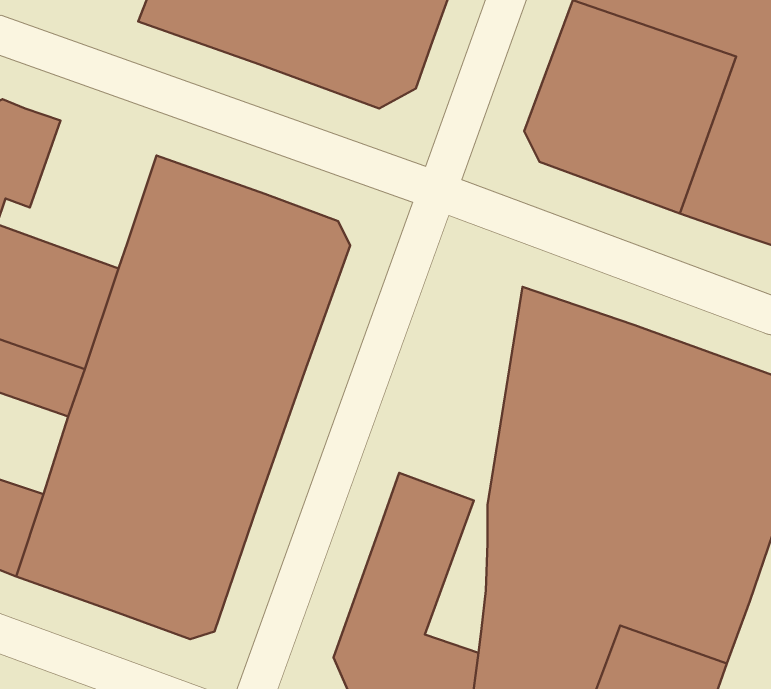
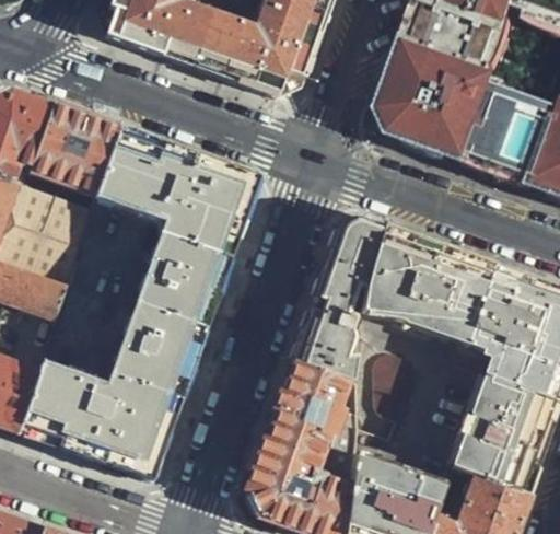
building: none -> [26,104,117,191]
building: none -> [291,217,380,380]
building: none -> [323,403,354,468]

